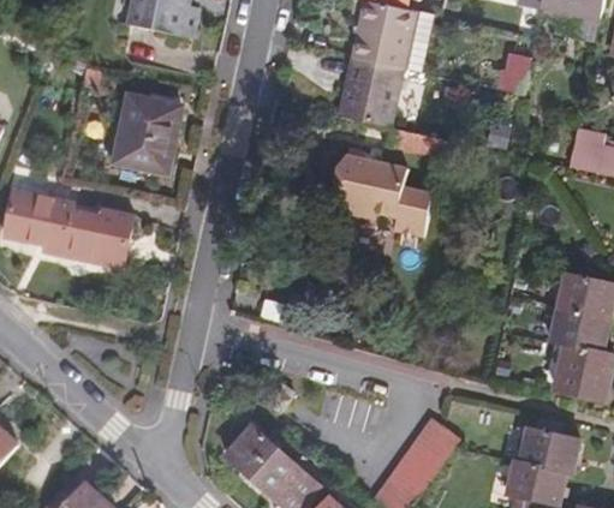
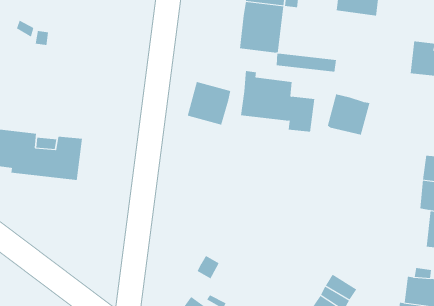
building: [114,94,181,171] -> none
building: none -> [187,81,231,125]
building: none -> [327,93,370,135]

